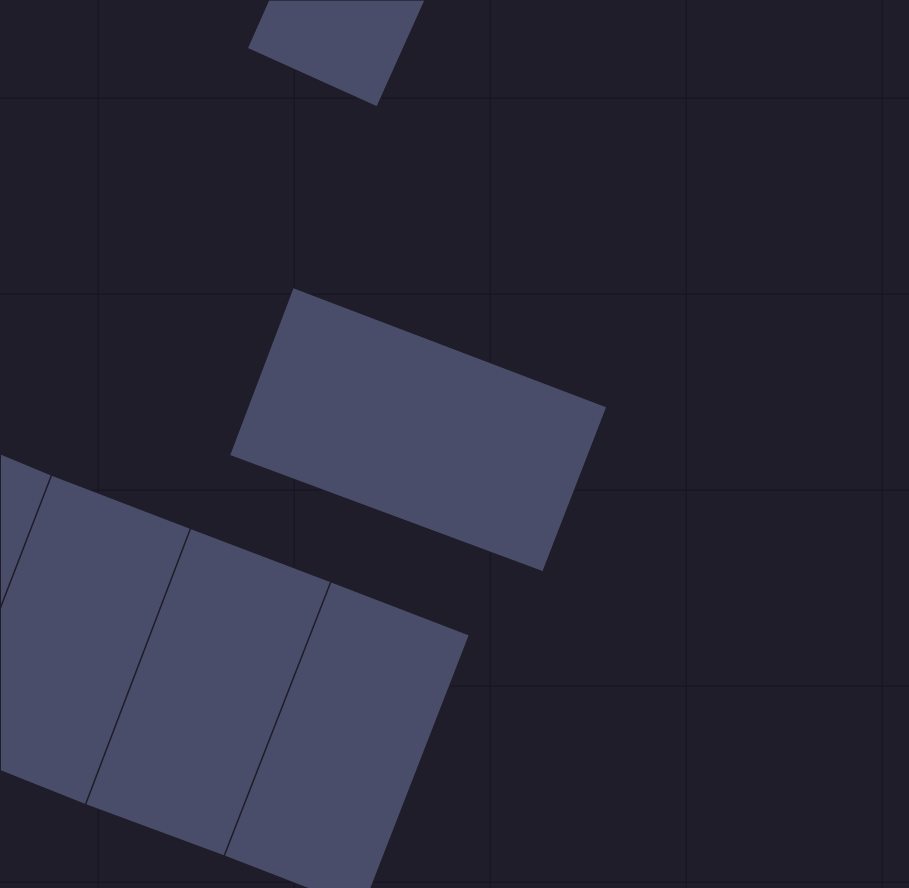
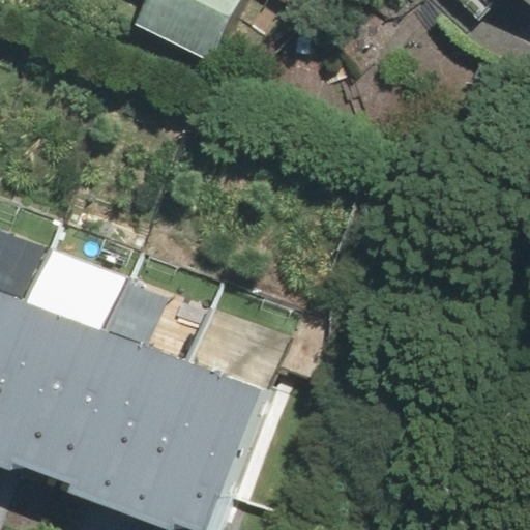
building: [229,288,607,572] -> none

